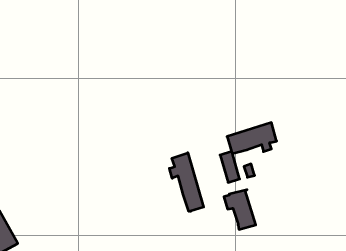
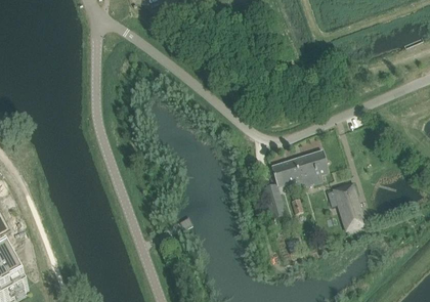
building: [169,153,204,211] -> none
building: [224,190,256,229] -> [328,182,364,228]

